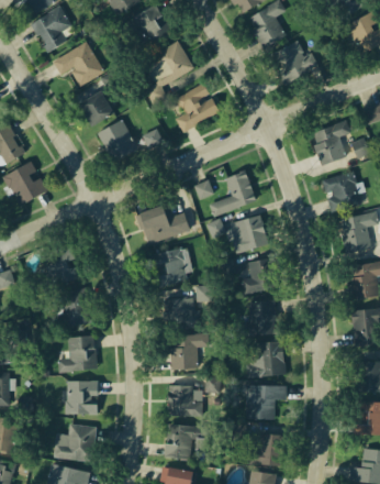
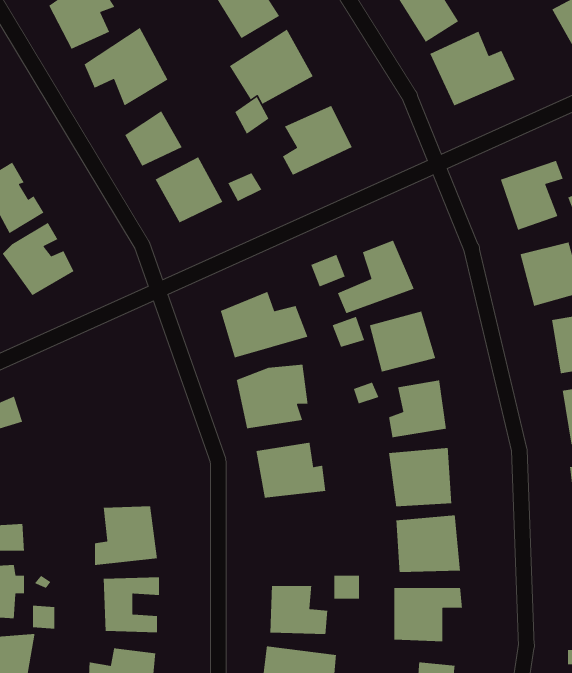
building: [44,246,79,286] -> none
building: [52,289,96,328] -> none
building: [170,333,212,370] -> none

